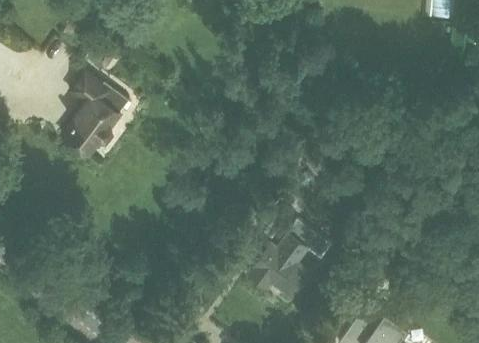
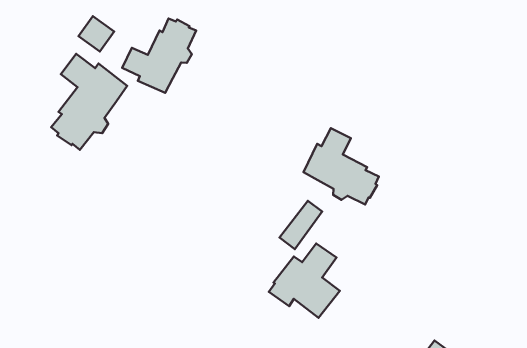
building: none -> [122,19,196,93]
building: none -> [304,128,379,205]

